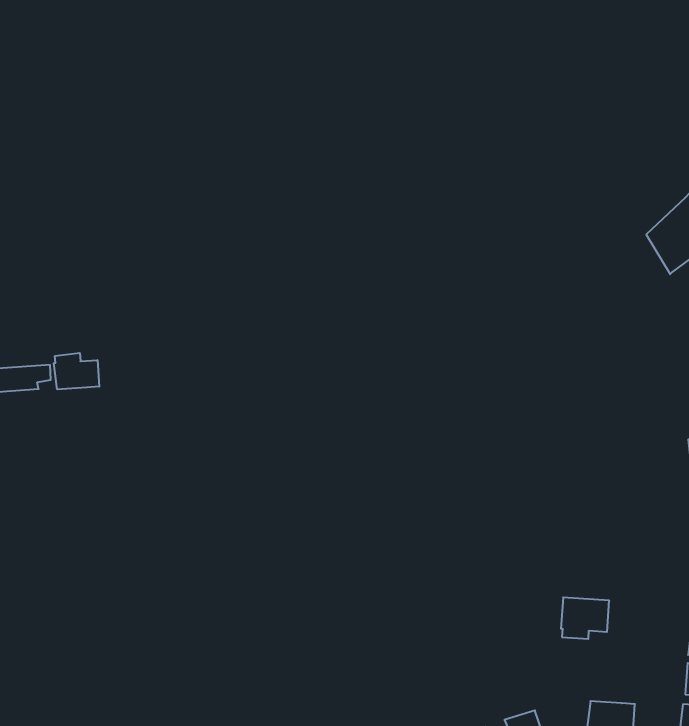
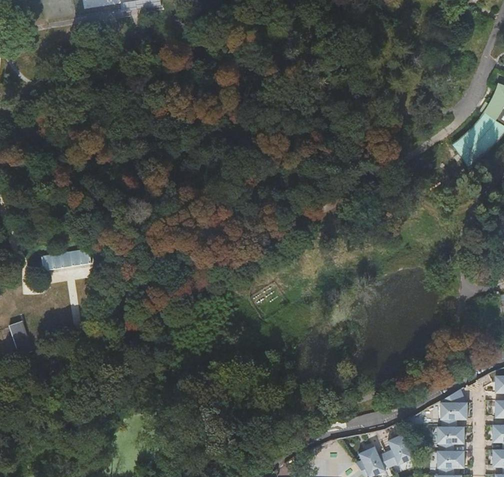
building: [54,353,99,389] -> none
building: [561,597,609,639] -> [440,404,468,428]

